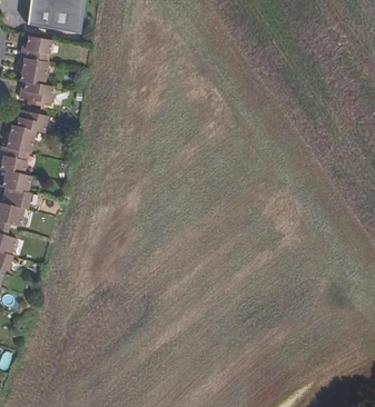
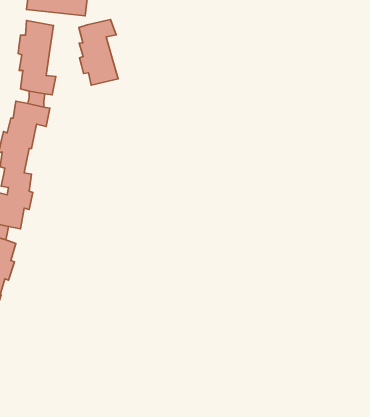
building: none -> [79,20,118,85]

